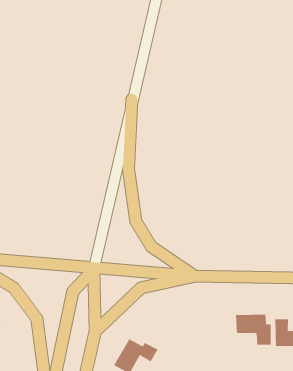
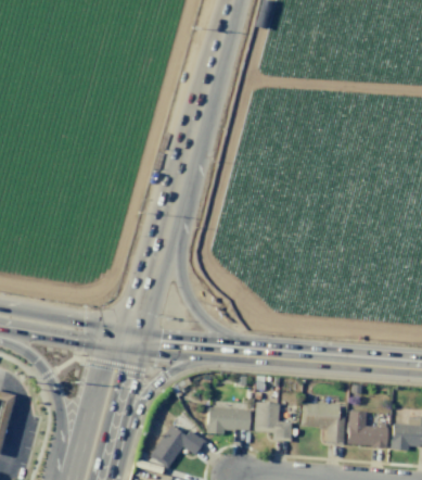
building: none -> [255,402,292,439]
building: none -> [207,407,251,433]

